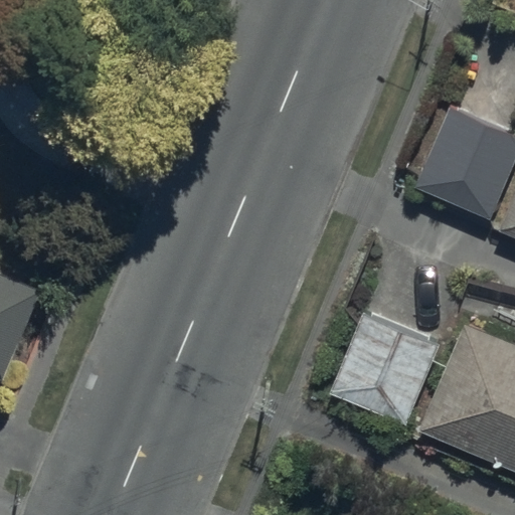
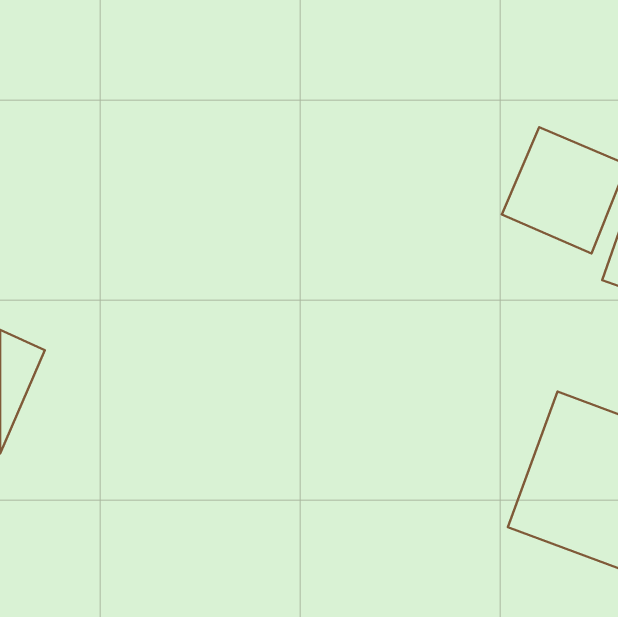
building: [328,310,438,425] -> none

